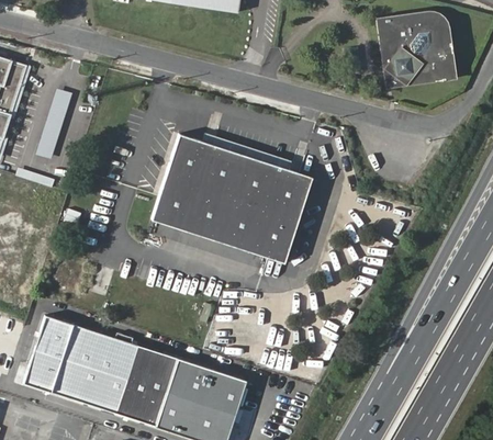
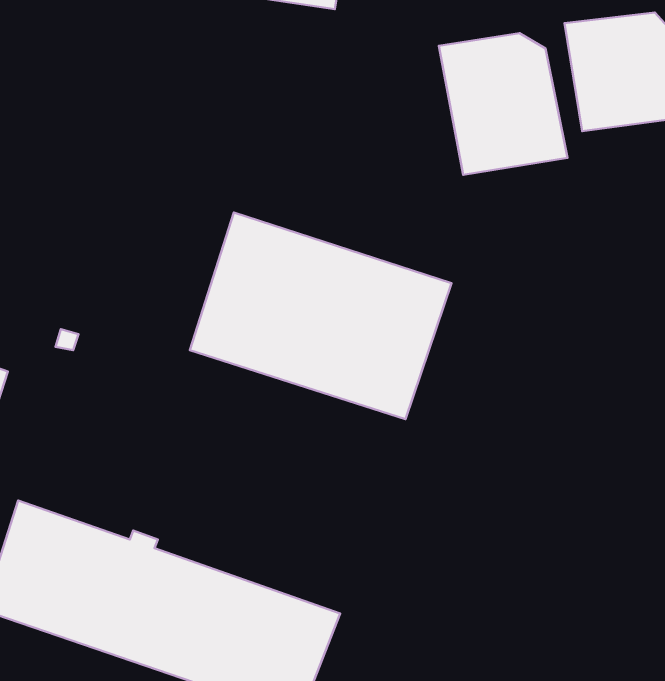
building: none -> [439,33,567,175]
building: [38,88,72,157] -> none

